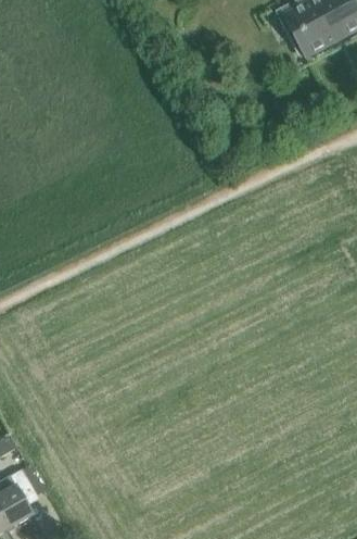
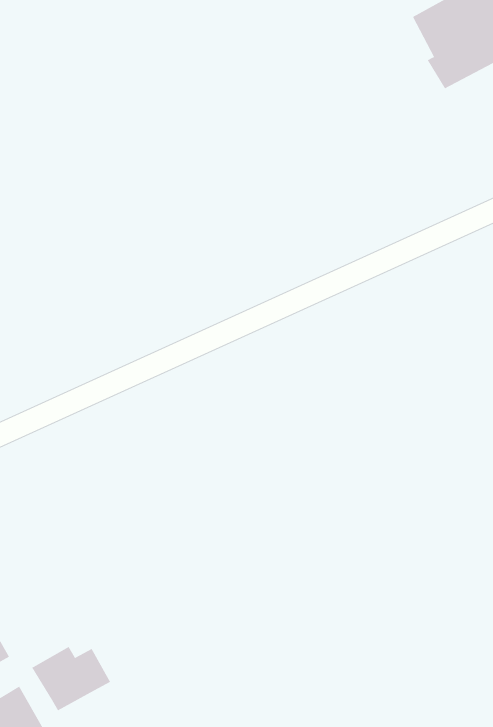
building: none -> [32,646,111,711]

